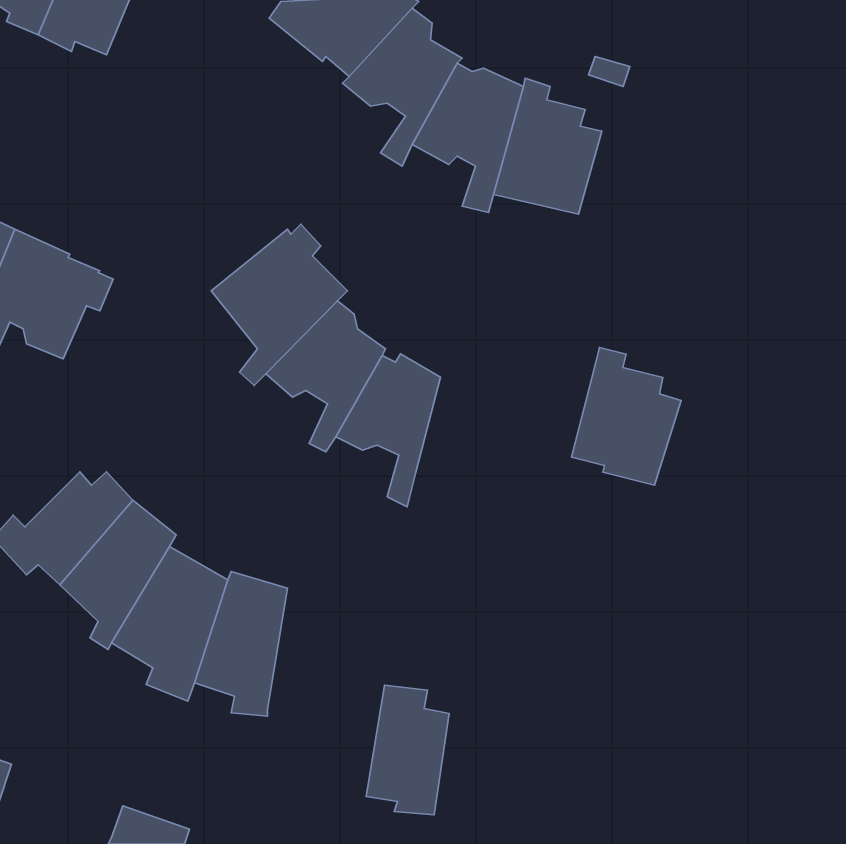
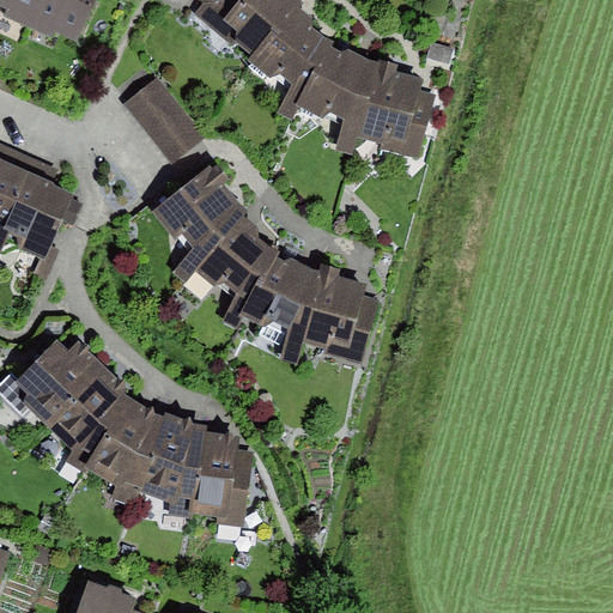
building: none -> [128,80,205,162]
building: [571,347,681,485] -> [299,262,378,362]
building: [366,685,449,815] -> [193,431,253,524]

